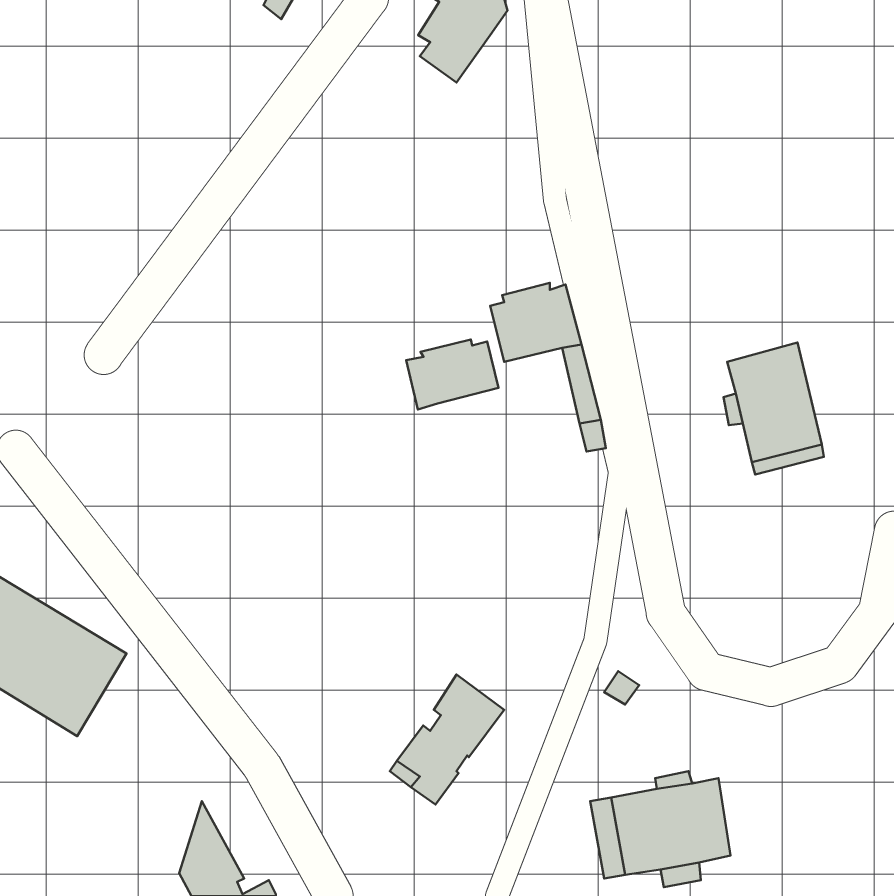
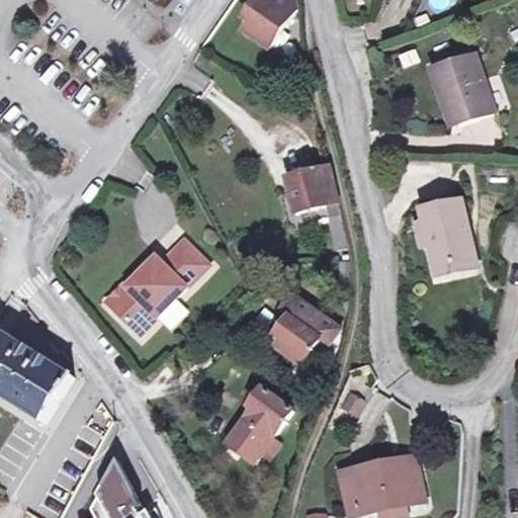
building: none -> [430,50,492,116]
building: [406,340,499,410] -> none
building: none -> [103,240,205,334]
building: none -> [277,294,339,365]

